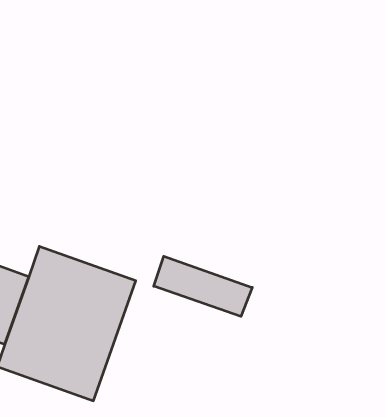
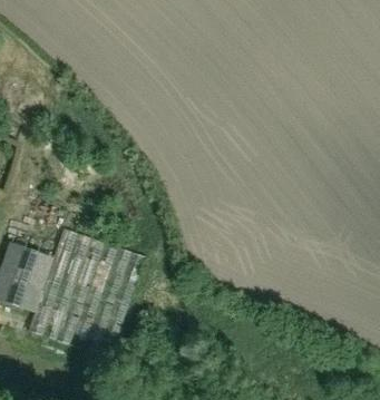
building: [154,256,252,316] -> none

